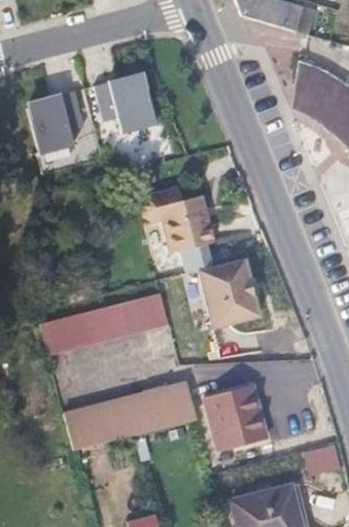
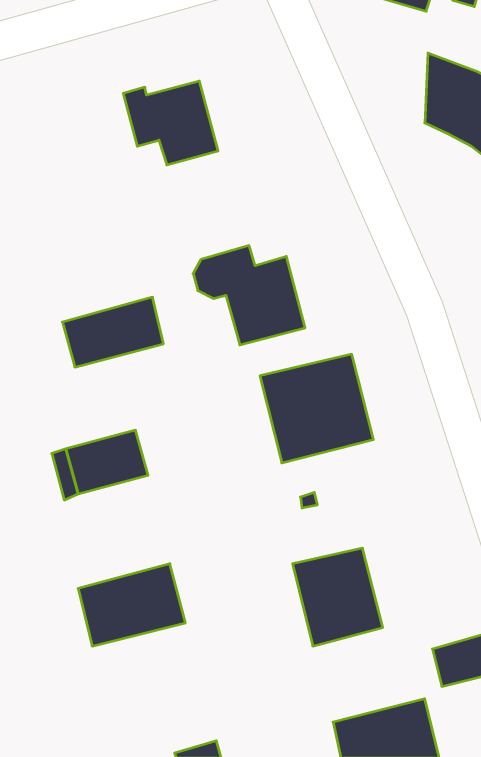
building: [28,92,84,154] -> none
building: [101,292,168,339] -> [62,297,163,367]
building: [124,383,194,436] -> none

